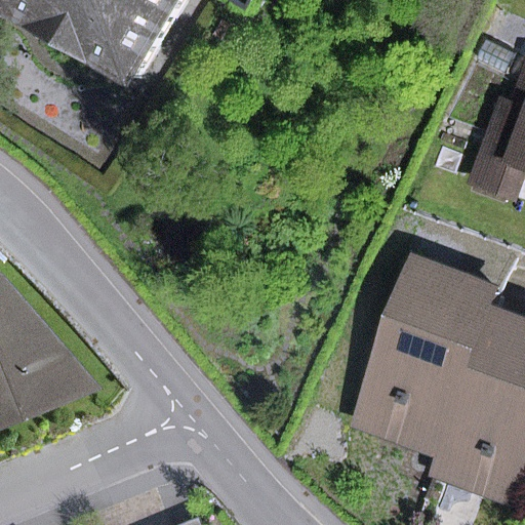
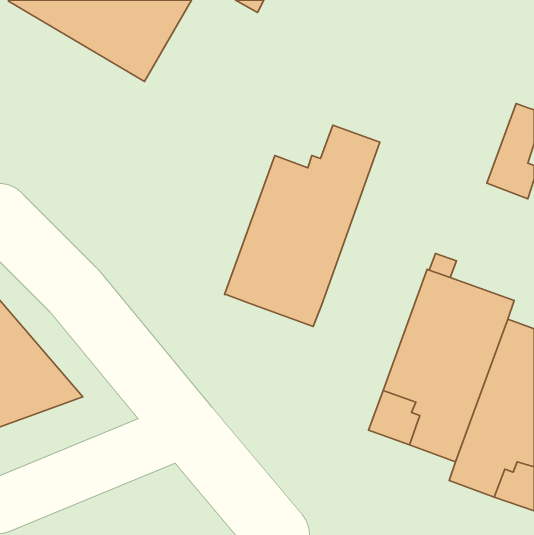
building: none -> [225,125,380,327]

